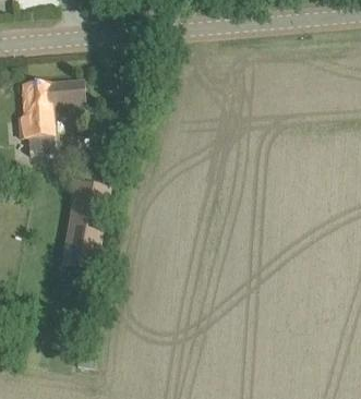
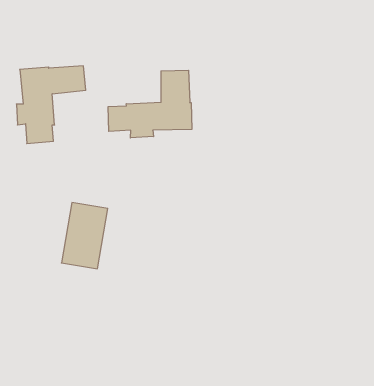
building: none -> [108,70,192,138]

